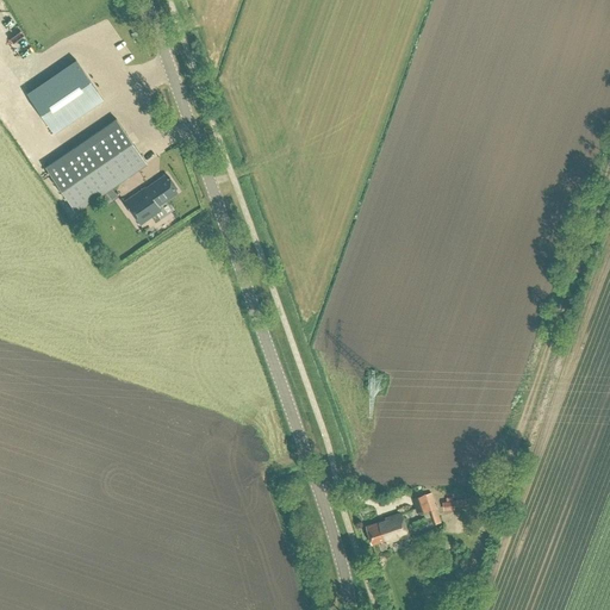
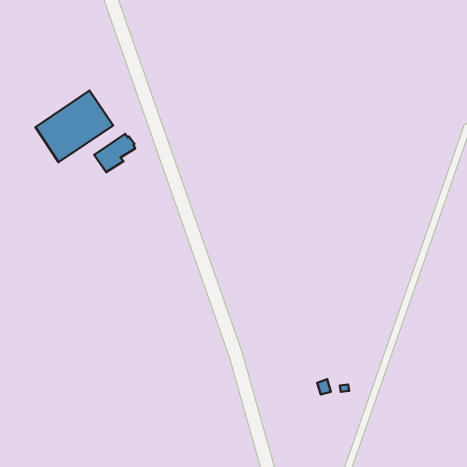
building: [26,61,102,133] -> none
building: [367,513,410,546] -> none

